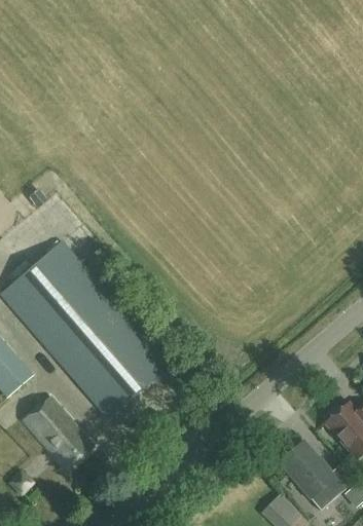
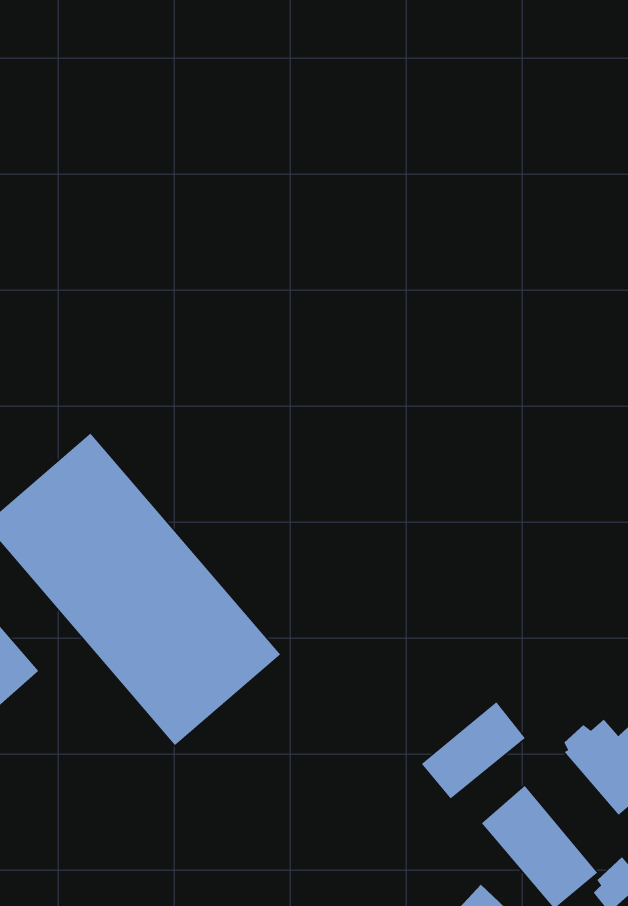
building: none -> [421,701,526,799]
building: [23,397,94,468] -> none

